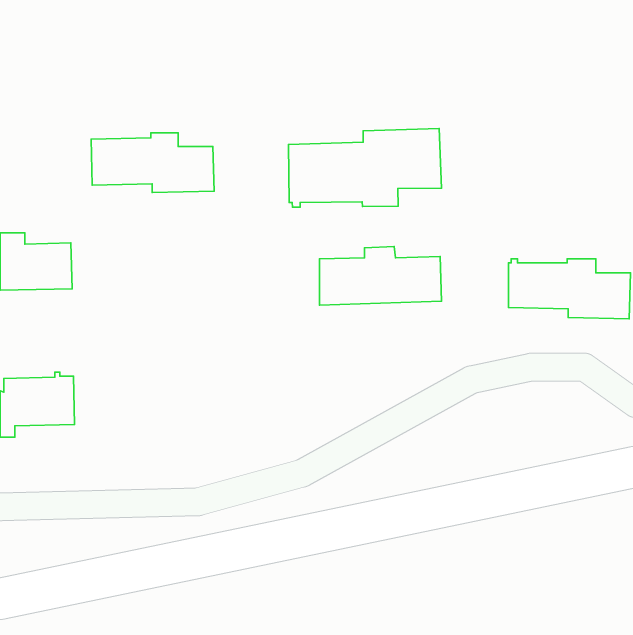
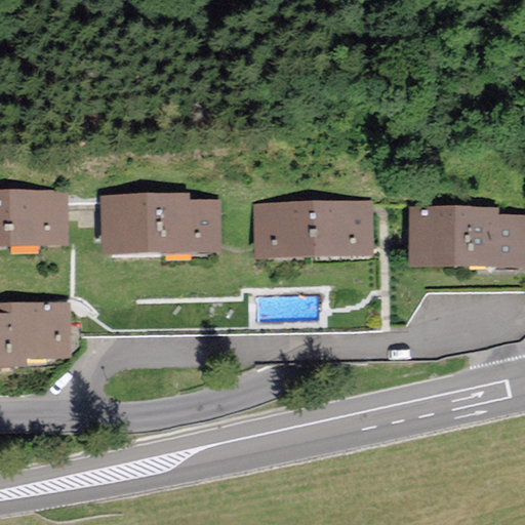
building: [289,128,442,207] -> none
building: [91,133,214,193] -> [113,199,214,248]

